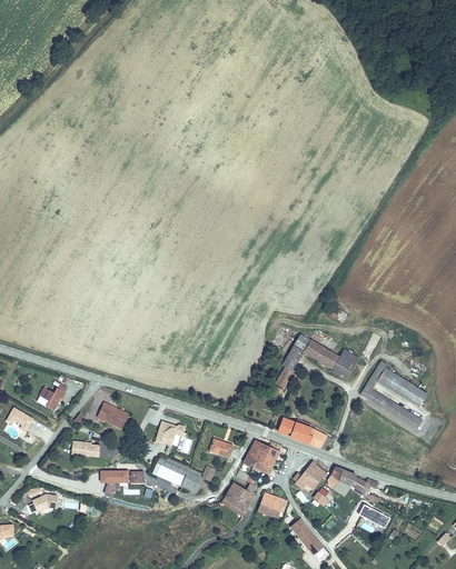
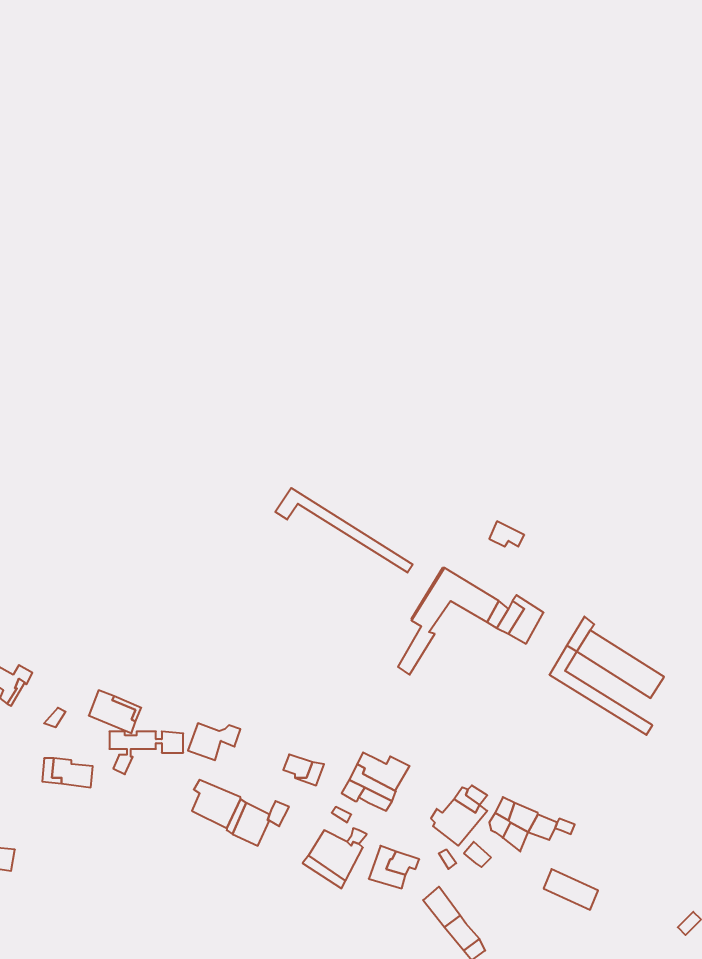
building: none -> [275,488,413,573]
building: [278,419,331,451] -> none
building: [100,471,142,496] -> [109,731,183,774]

